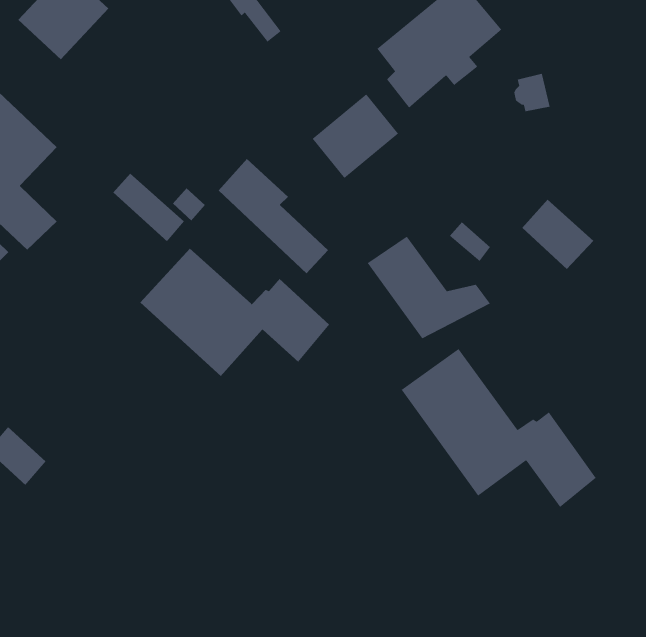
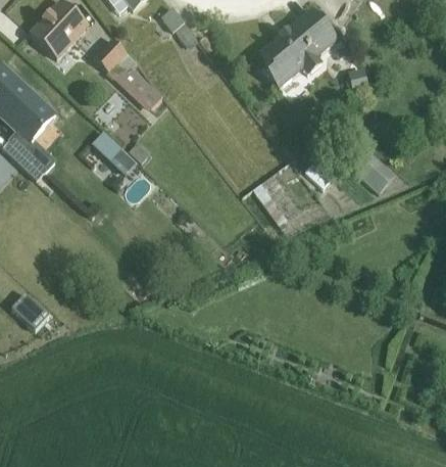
building: [312,94,399,179] -> none
building: [218,158,329,274] -> [92,38,162,111]
building: [139,248,330,377] -> none
building: [401,348,597,508] -> none

